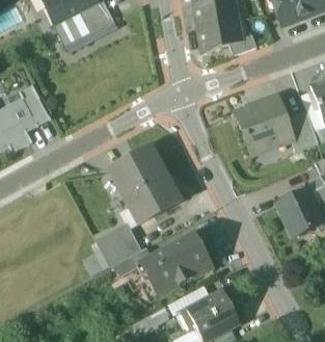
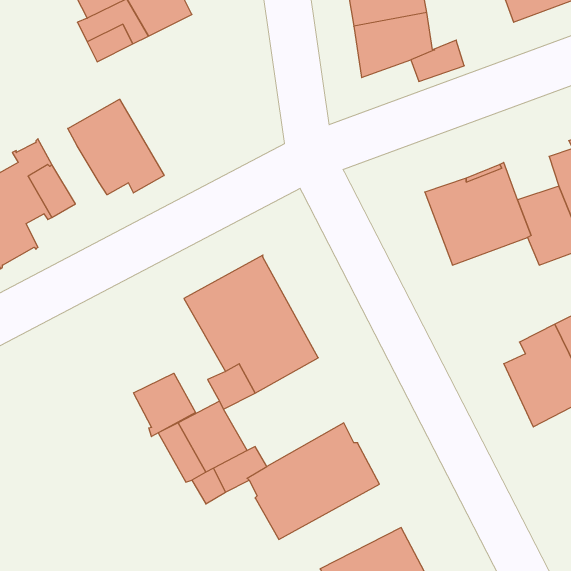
building: none -> [68,99,164,195]
building: none -> [134,373,195,437]

